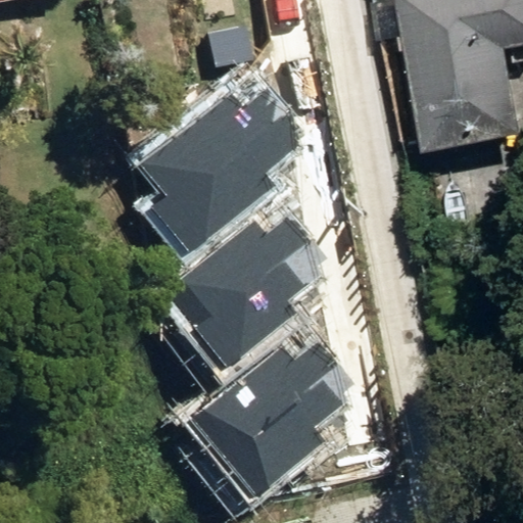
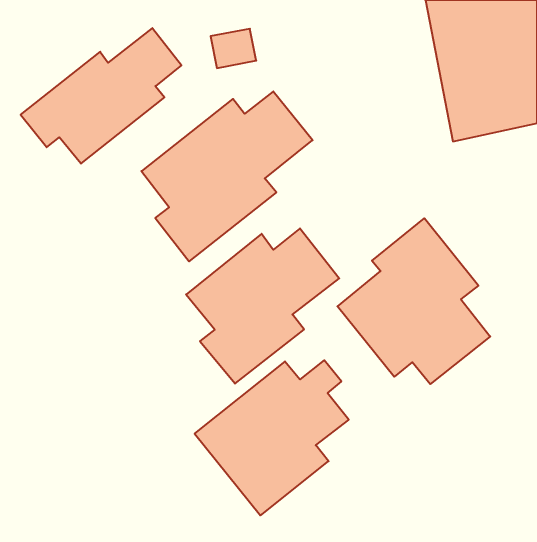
building: none -> [21,28,181,164]
building: none -> [337,218,490,384]

